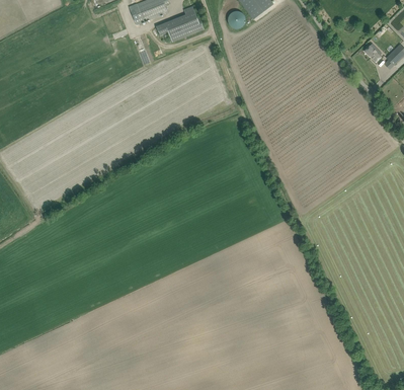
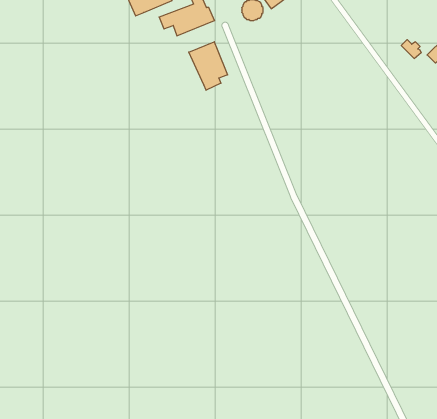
building: none -> [189,42,228,90]

